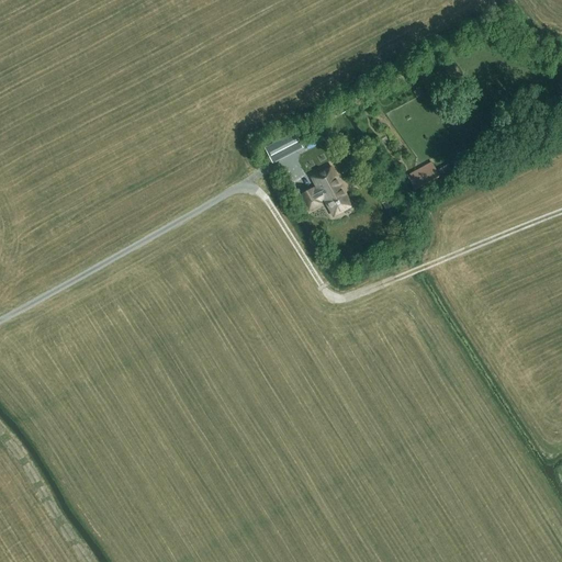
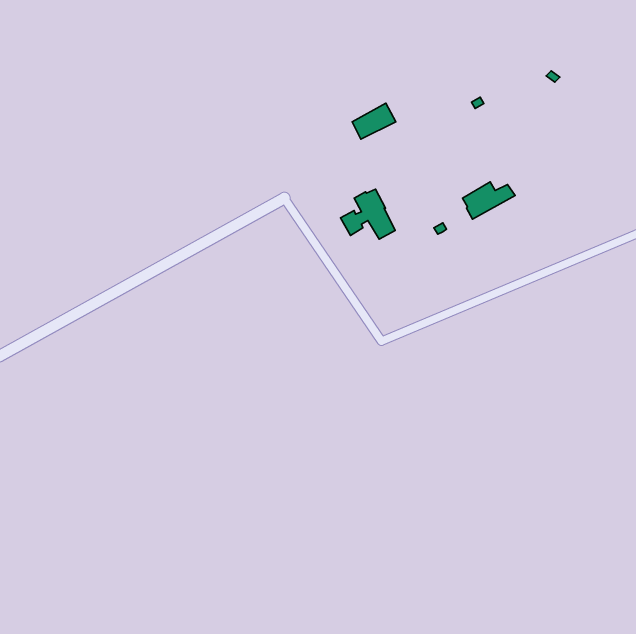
building: [267,131,305,162] -> [352,103,396,139]

